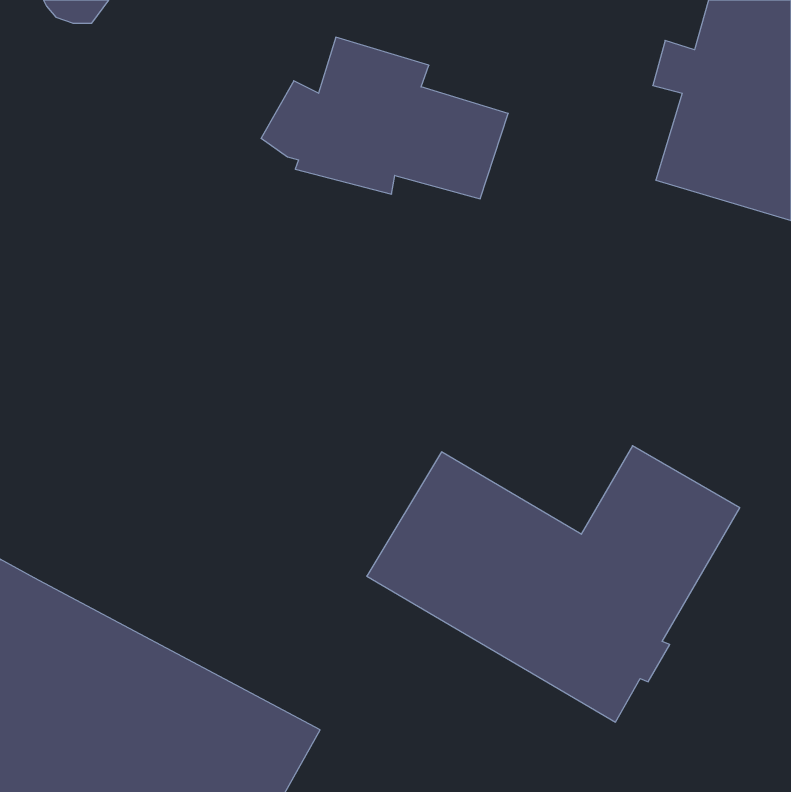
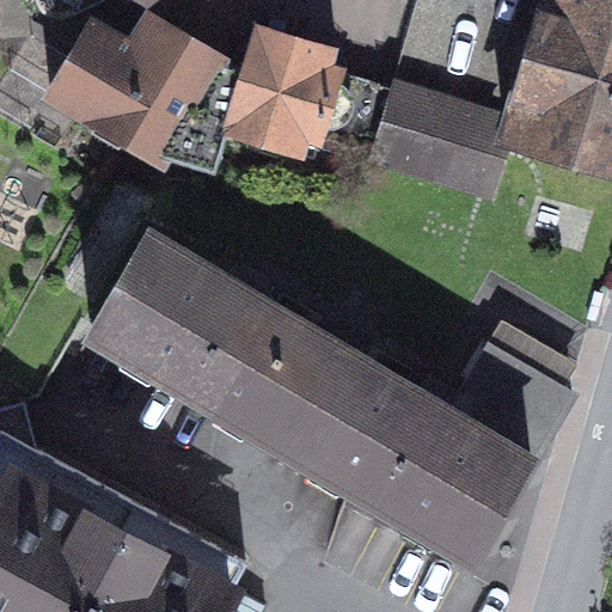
building: none -> [50,18,226,169]
building: none -> [369,88,494,185]
building: none -> [92,237,339,445]

